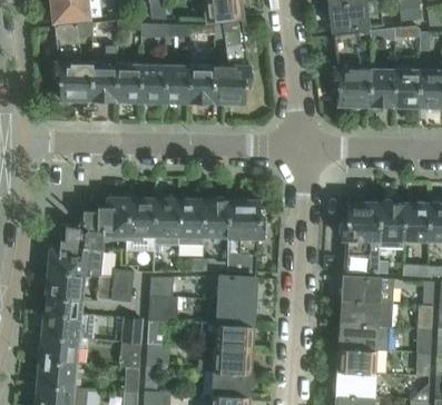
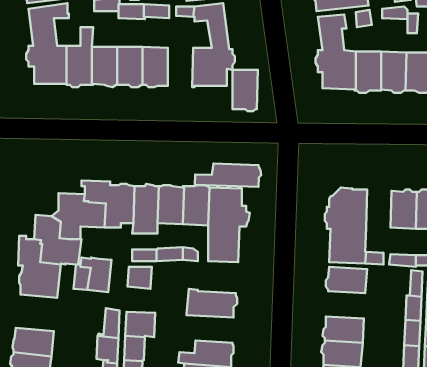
building: [188,66,213,106] -> [232,70,258,111]
building: none -> [195,163,261,187]
building: [380,200,404,248] -> none
building: [217,276,257,303] -> none
building: [148,296,178,322] -> none
building: [340,300,392,327] -> none
building: [40,304,94,339] -> none
building: [202,323,253,350] -> none

